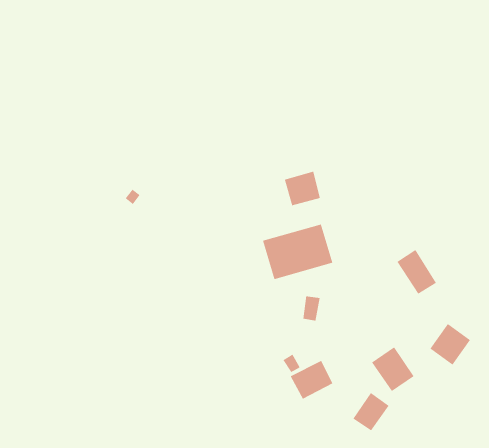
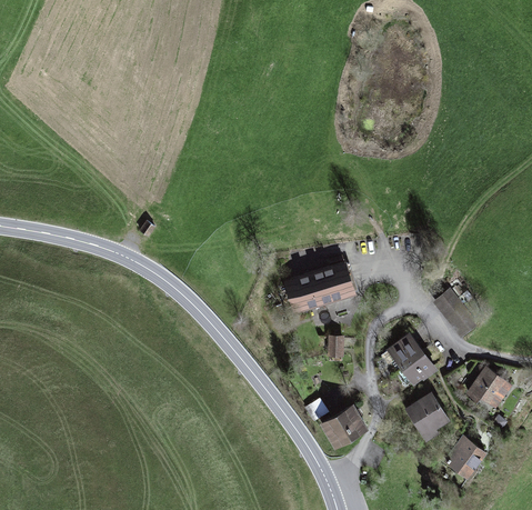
building: [284,171,321,206] -> none
building: none -> [387,333,434,383]
building: [352,392,389,431] -> [444,432,483,473]

